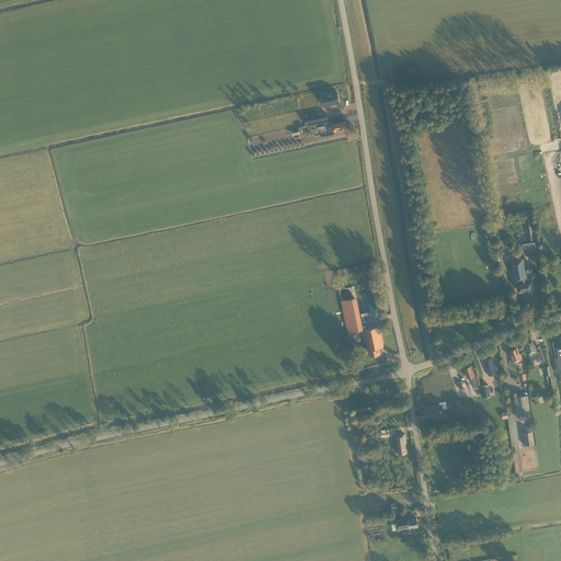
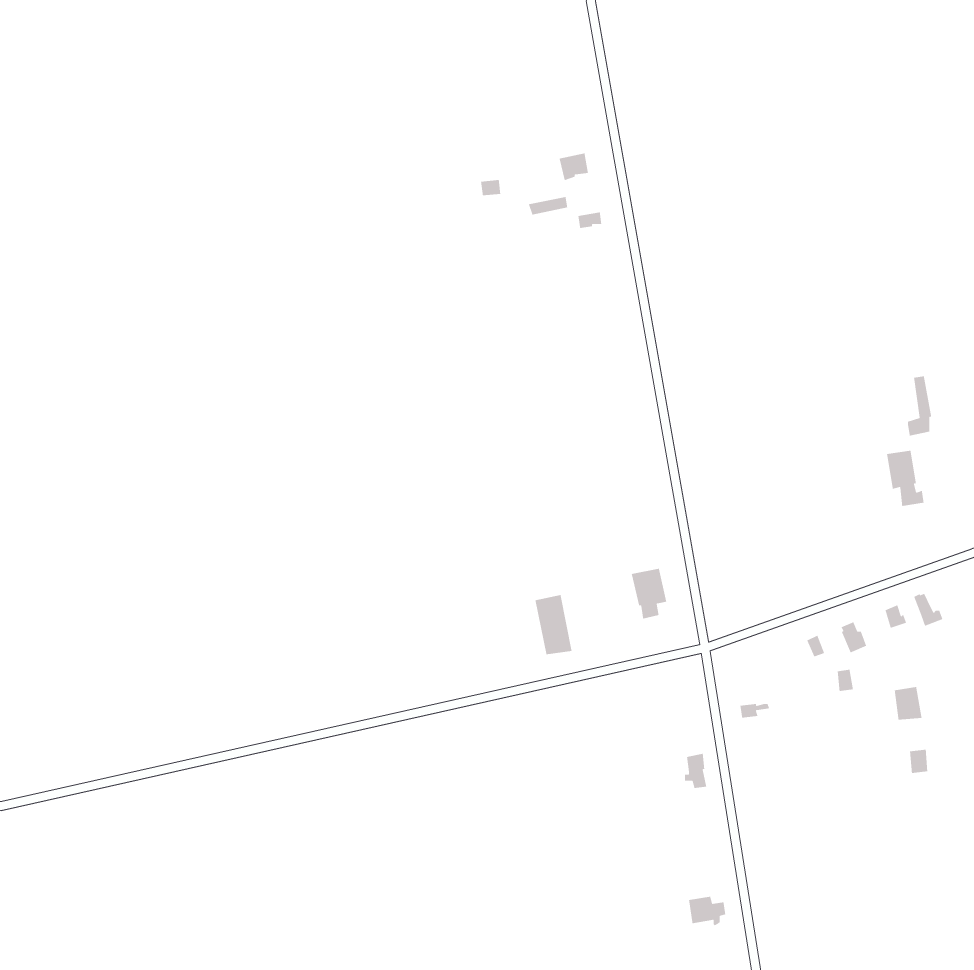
building: [341,299,363,334] -> [535,594,573,655]

